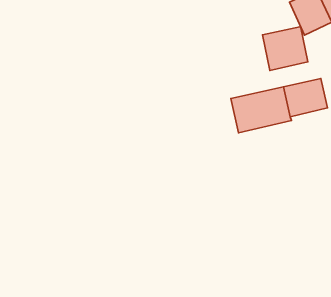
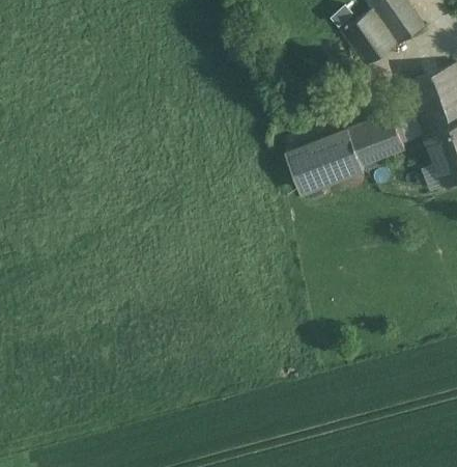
building: [262,26,308,70] -> none

